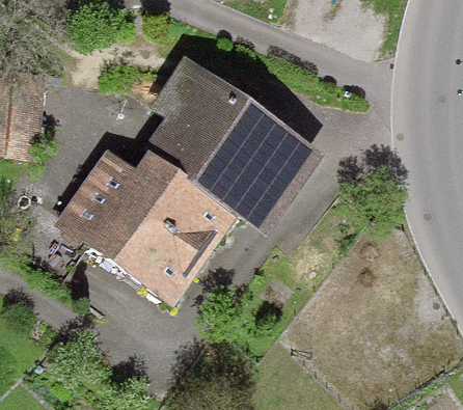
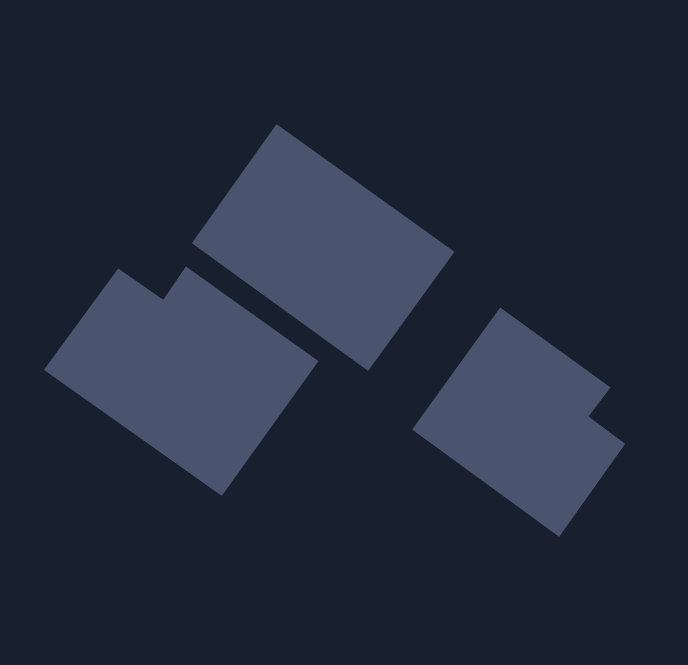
building: none -> [411,307,626,538]

